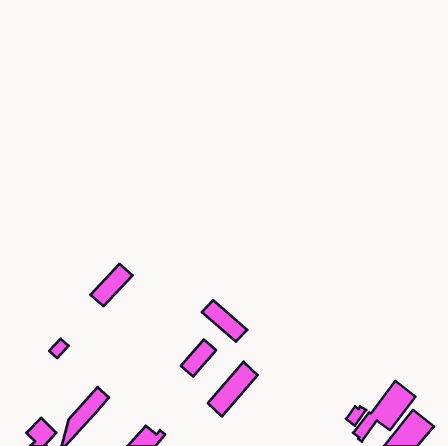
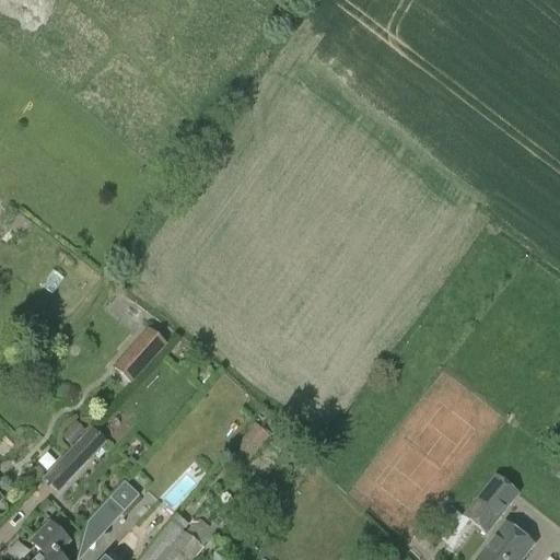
building: [202,300,247,342] -> none
building: none -> [43,428,105,491]
building: [208,362,258,416] -> none

